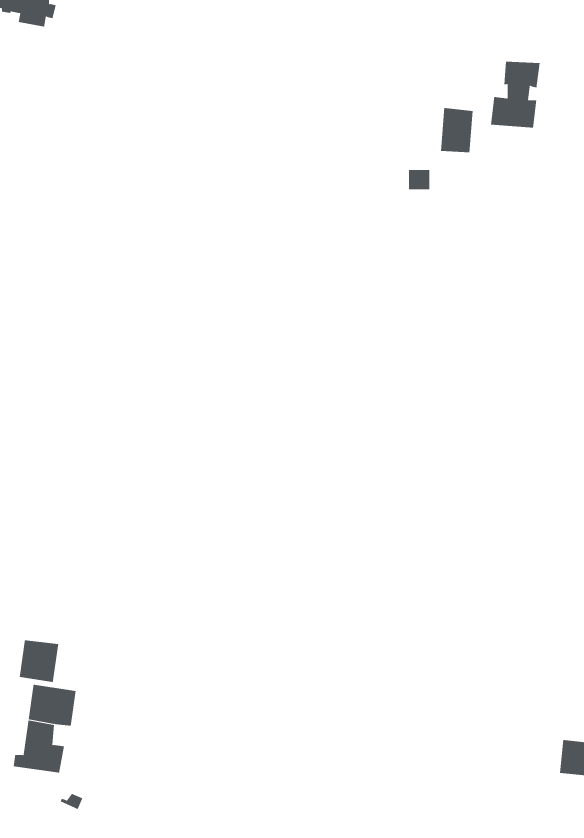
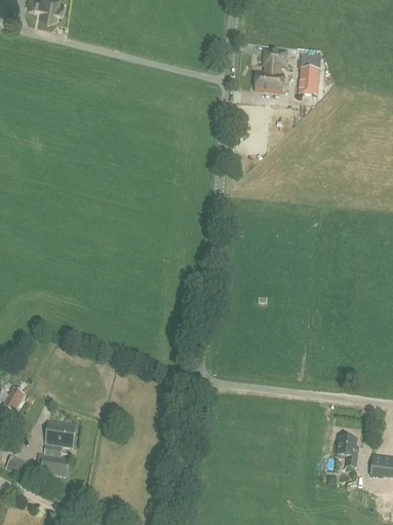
building: [490,61,540,128] -> [256,50,286,91]
building: [19,640,59,683] -> none
building: none -> [338,437,357,465]

